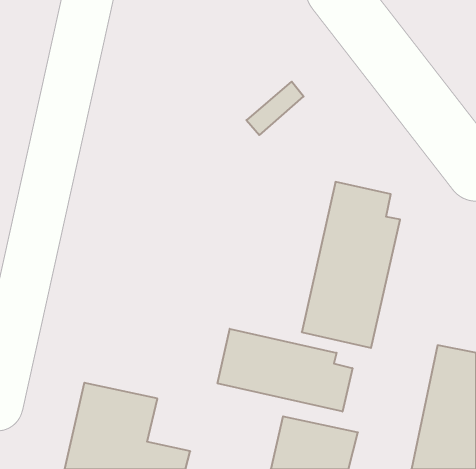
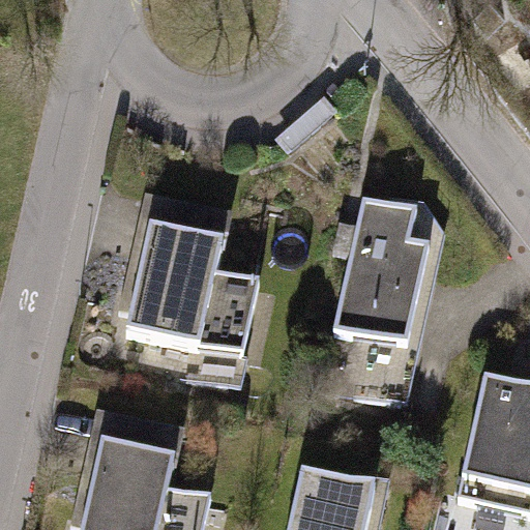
building: none -> [114,211,261,403]
building: [218,329,352,412] -> none

